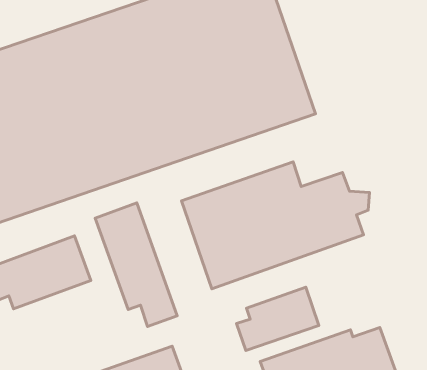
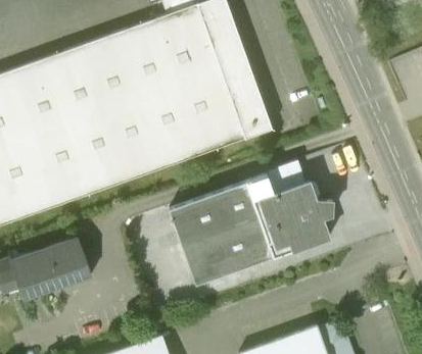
building: [95,203,177,326] -> none
building: [236,287,319,351] -> none

